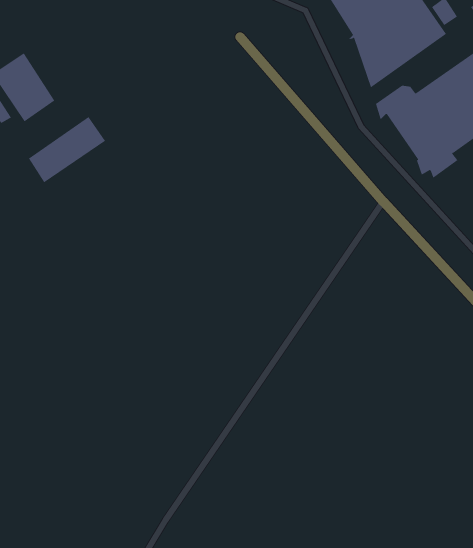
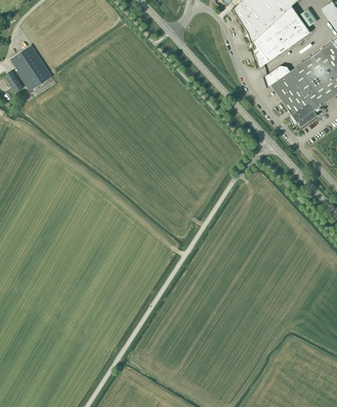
building: [28,116,106,183] -> none

